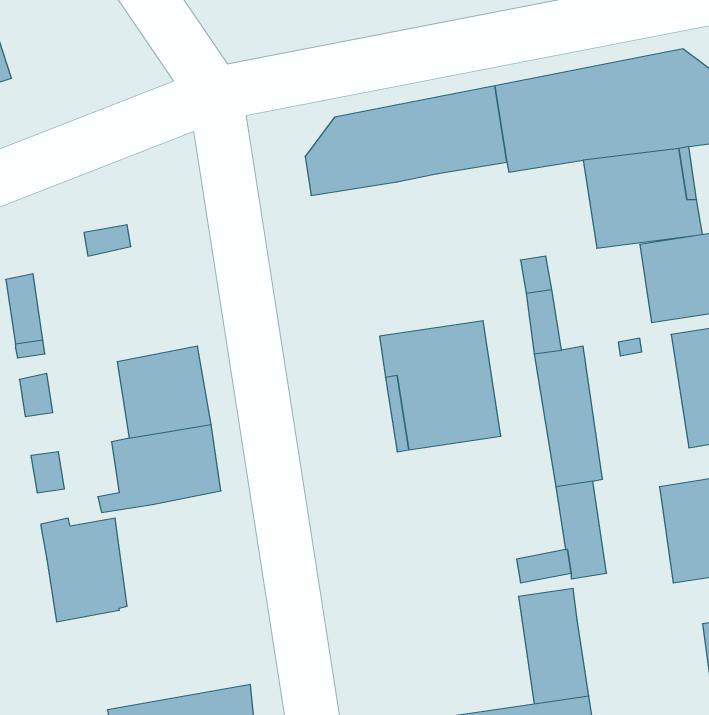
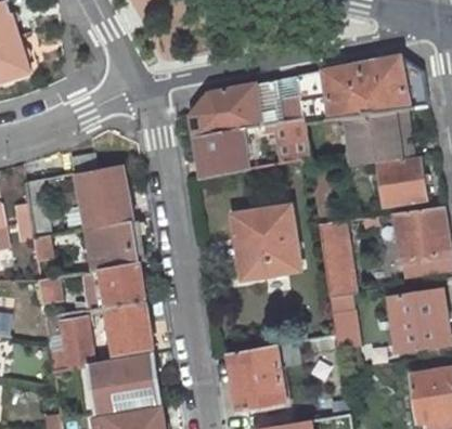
building: none -> [264,118,310,162]
building: none -> [195,129,248,179]
building: none -> [77,165,132,229]
building: none -> [107,300,153,354]
building: none -> [229,344,285,410]
building: none -> [89,353,160,413]

